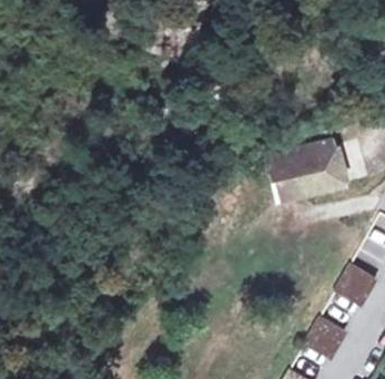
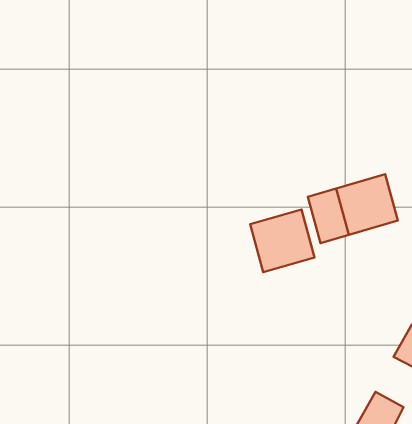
building: none -> [250,210,315,272]

